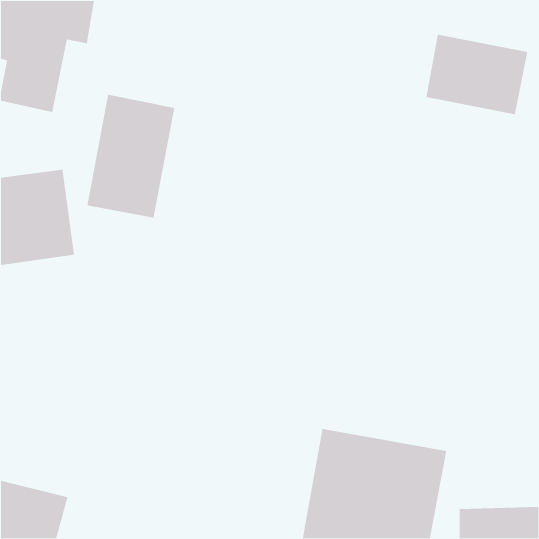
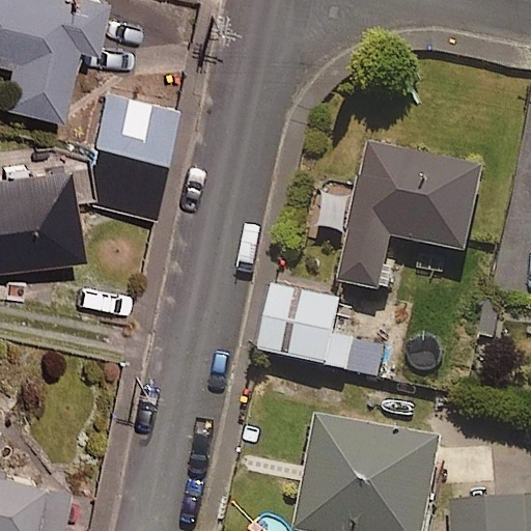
building: [426,34,528,115] -> none
building: none -> [338,144,481,290]
building: none -> [258,286,385,378]

